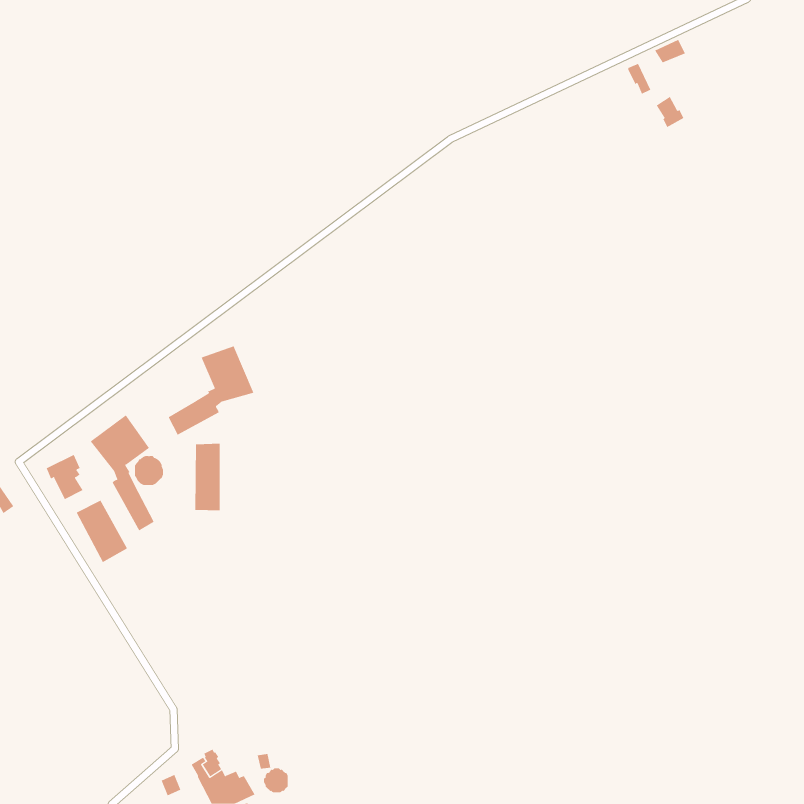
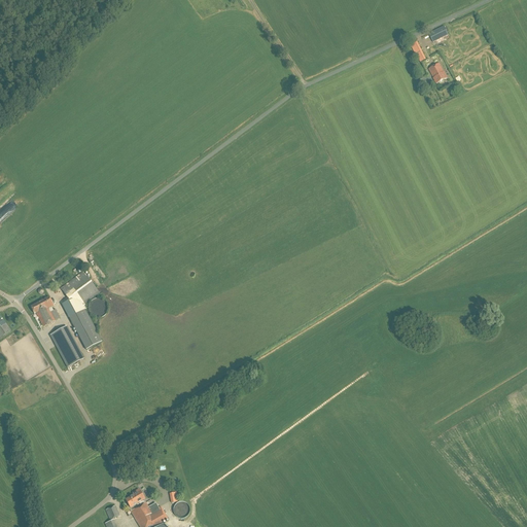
building: [168,345,254,436] -> none
building: [195,443,220,511] -> none

